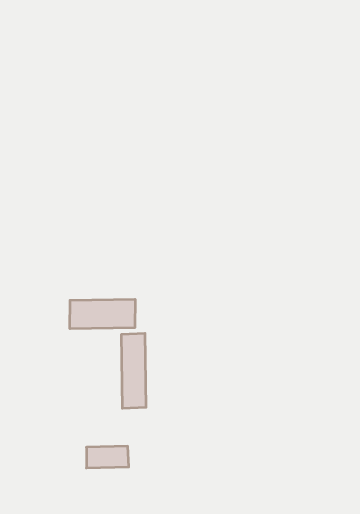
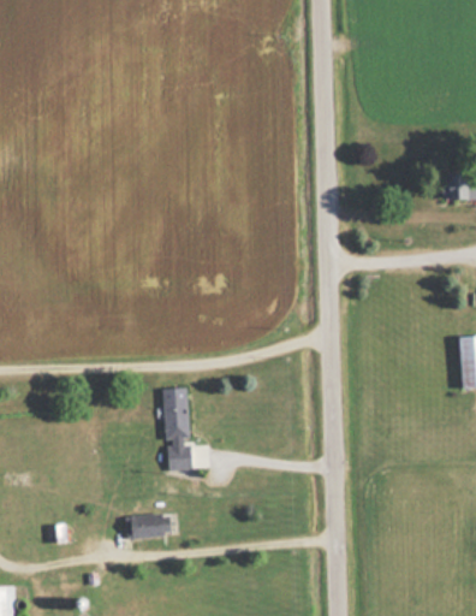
building: [70,299,135,329] -> none

